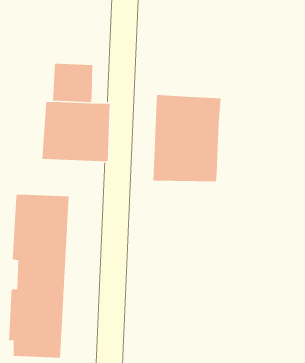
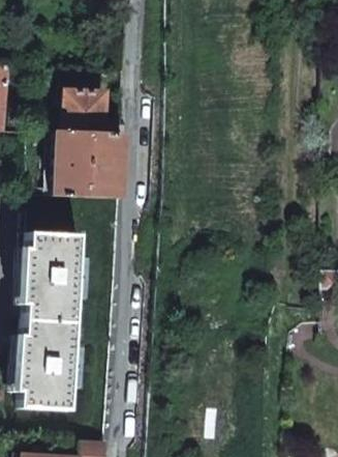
building: [152,94,221,182] -> none

